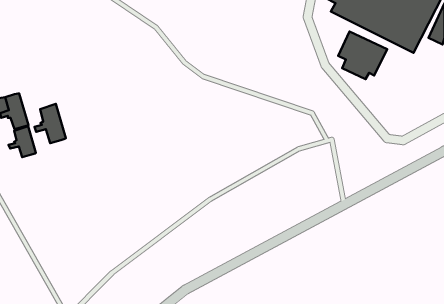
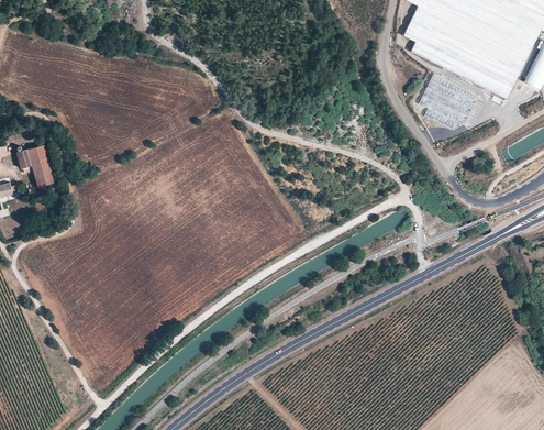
building: [34,104,66,143] -> none
building: [9,126,36,157] -> none

